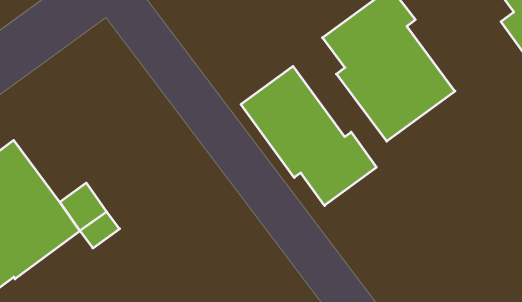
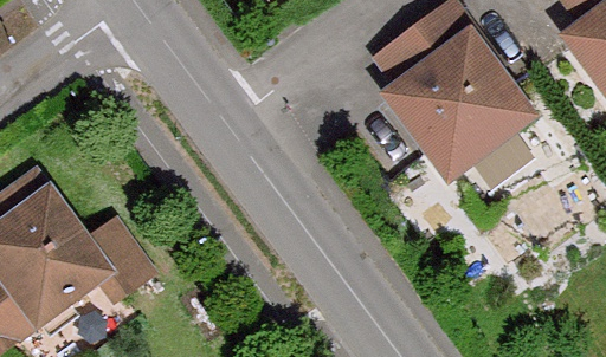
building: [241,66,376,206] -> none

